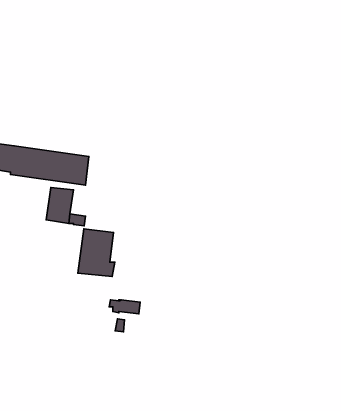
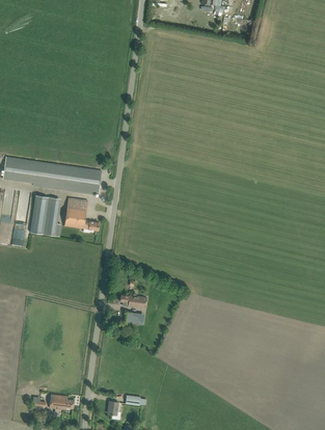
building: [78,229,115,277] -> [29,194,61,236]

